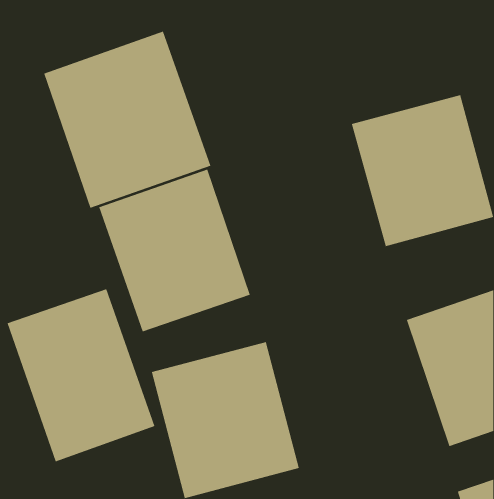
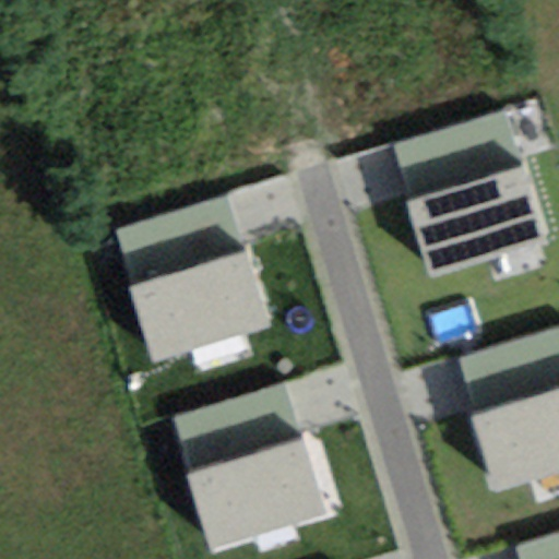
building: [43,31,212,209] -> none
building: [6,288,155,463] -> none

